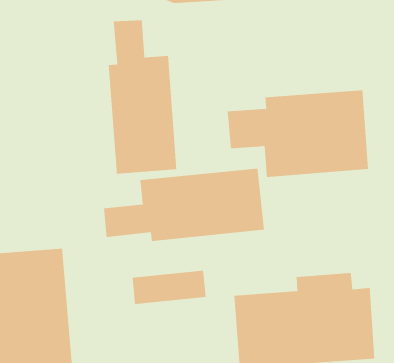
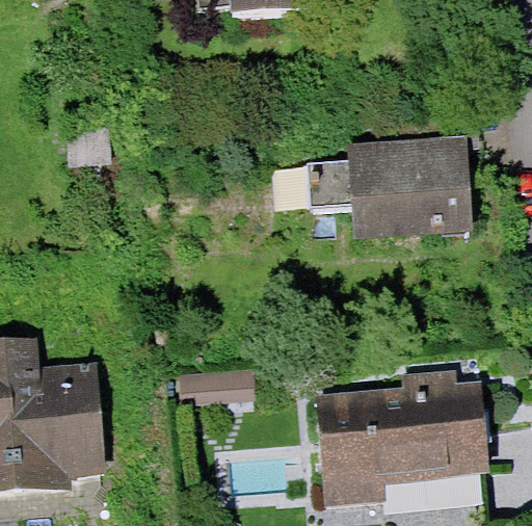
building: [108,19,177,174] -> none
building: [104,168,264,242] -> none

